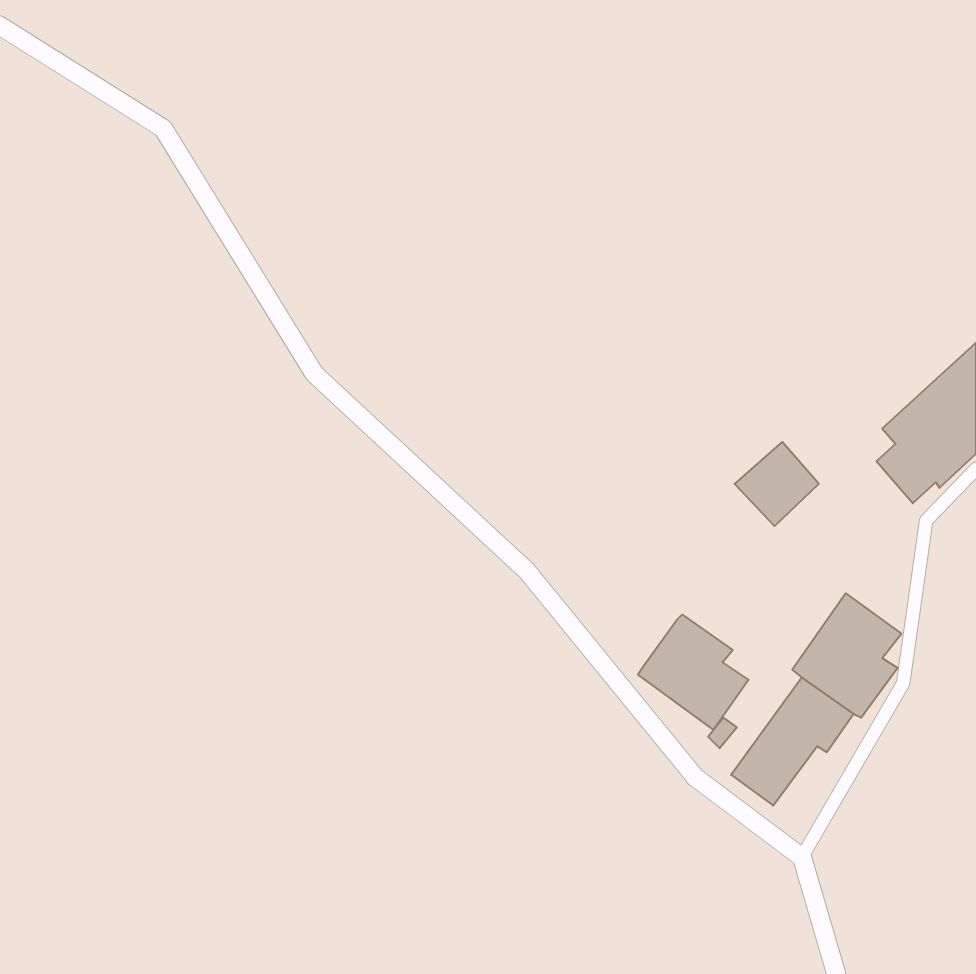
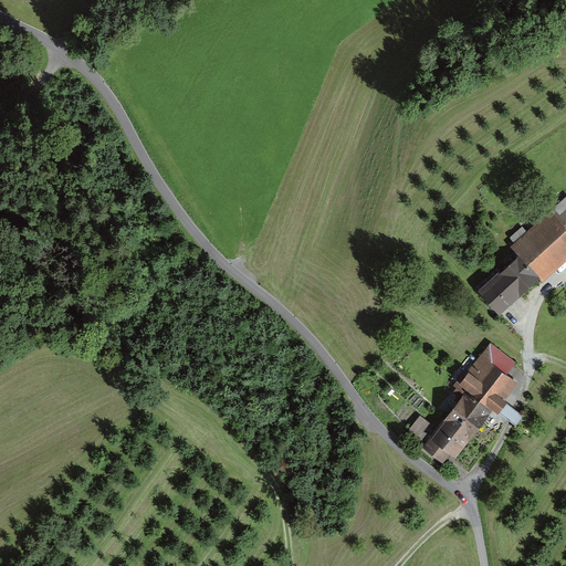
building: [734,442,819,526] -> [479,266,527,315]
building: [638,615,749,730] -> none

